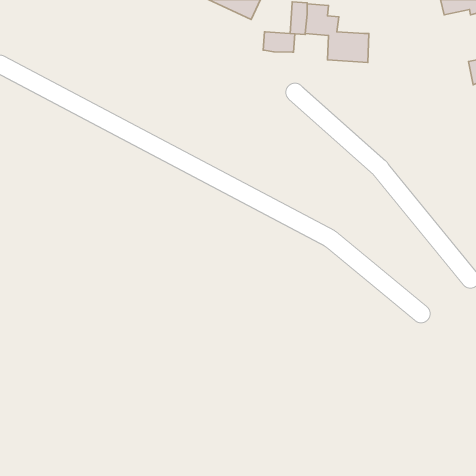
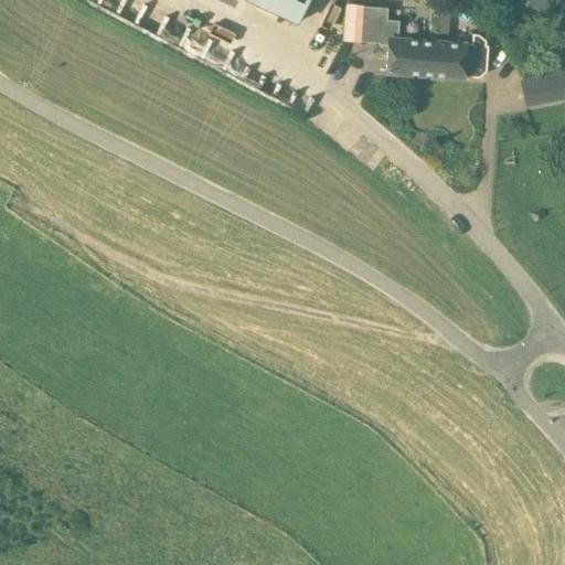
building: none -> [436,33,489,76]
building: [263,32,295,52] -> none

